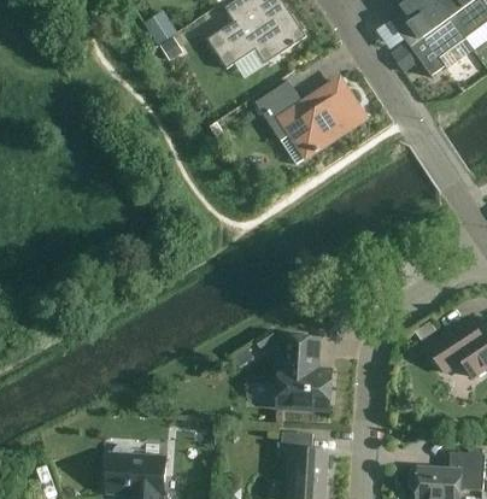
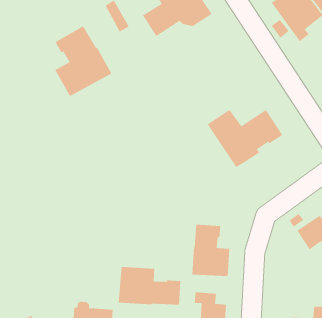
building: none -> [55,26,112,97]
building: [254,81,363,164] -> [207,109,283,168]
building: none -> [118,266,181,306]

